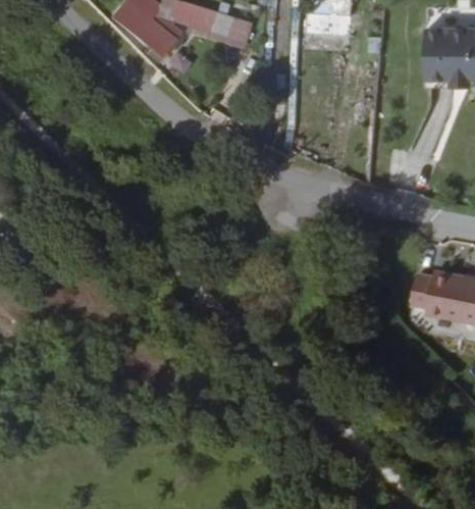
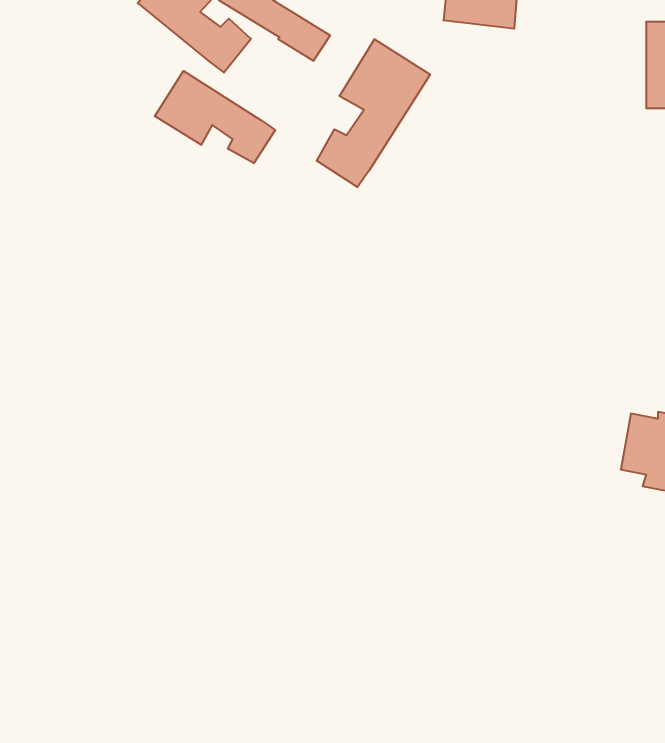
building: none -> [317,39,430,187]
building: none -> [155,71,275,163]

